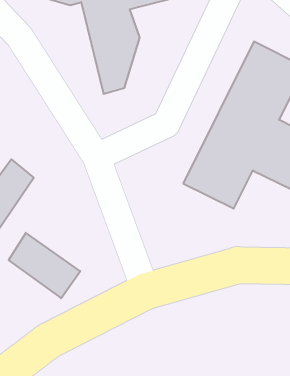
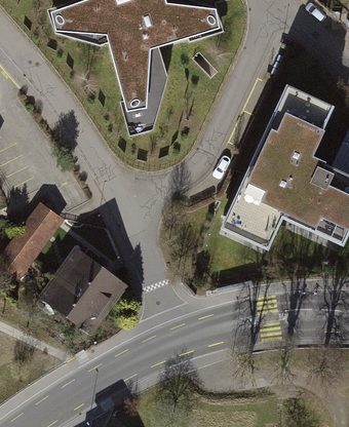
building: none -> [54,246,128,311]

